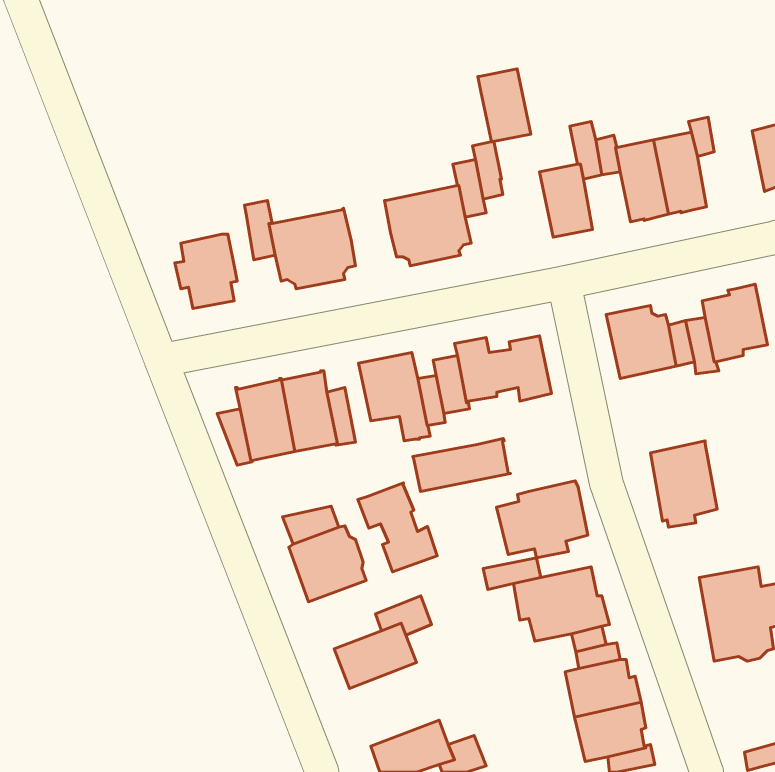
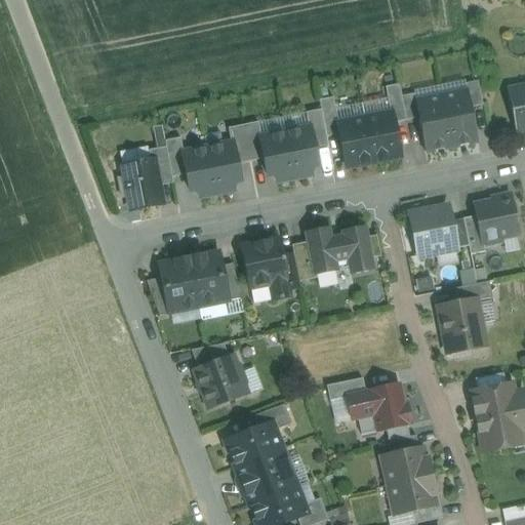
building: [478,69,531,142] -> [338,116,374,165]
building: none -> [229,120,265,162]
building: none -> [150,145,174,184]
building: none -> [455,280,493,301]
building: [413,439,511,492] -> none
building: [497,481,588,558] -> none
building: [358,483,437,572] -> none
building: none -> [237,447,297,503]

